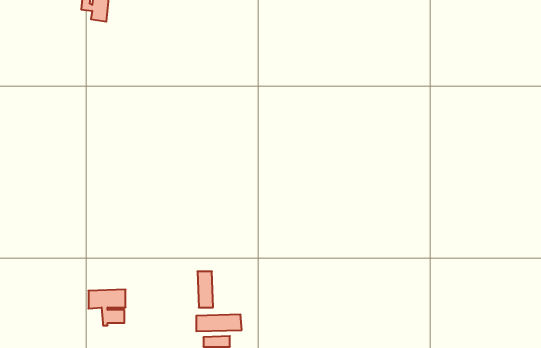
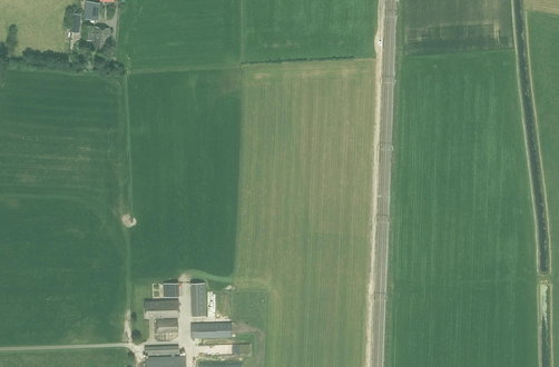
building: [88,290,126,325] -> [144,299,178,333]

